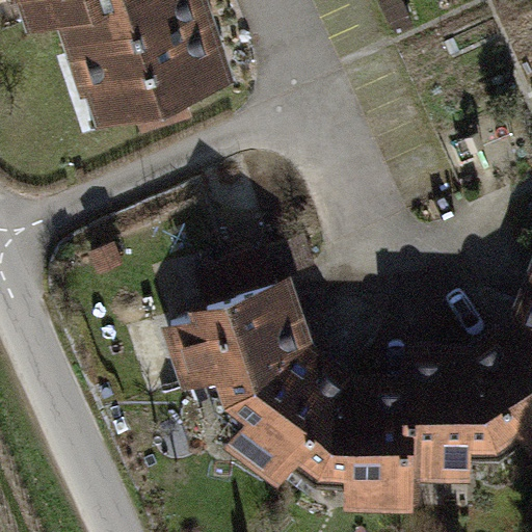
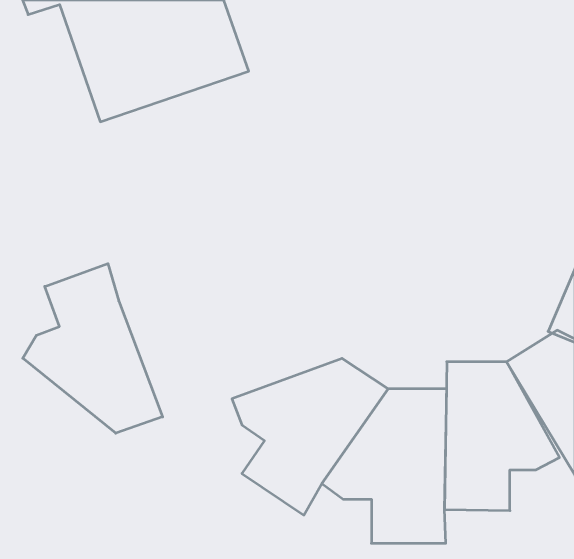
building: none -> [23,264,163,433]
building: [170,275,317,392] -> none

